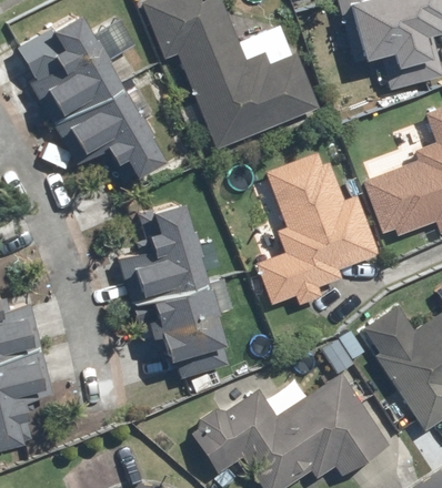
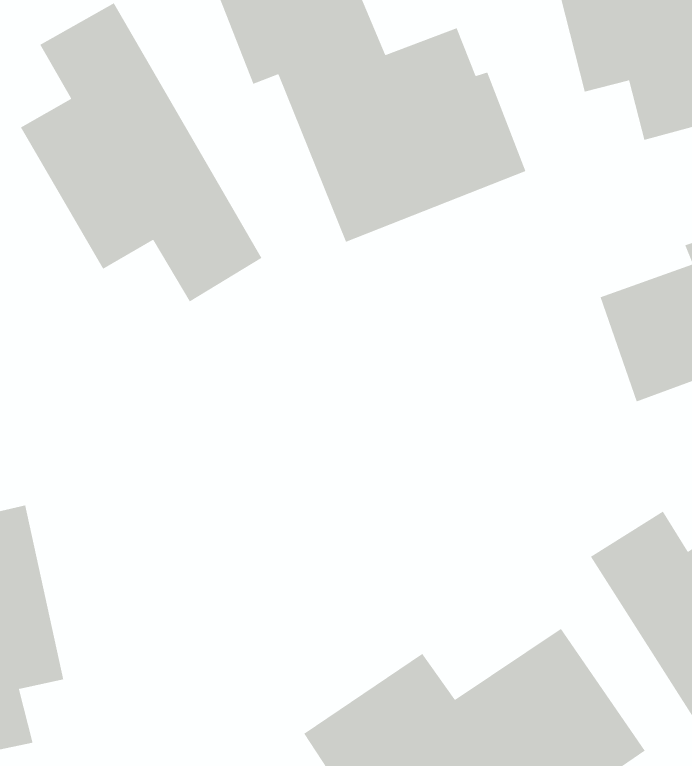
building: [253,151,380,307] -> none
building: [115,201,233,379] -> none

